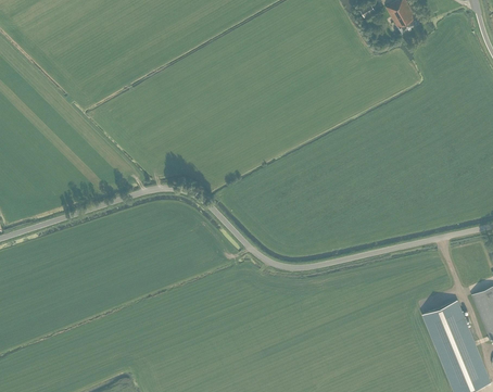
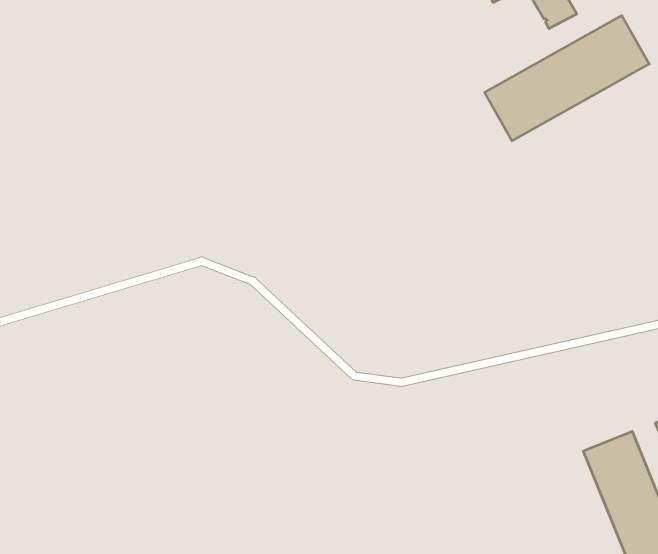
building: none -> [485,16,649,141]

